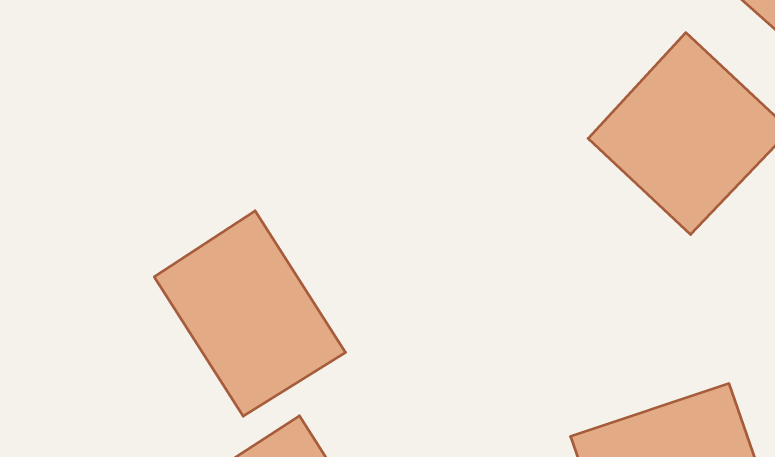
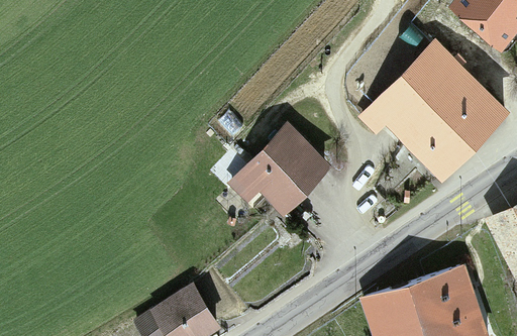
building: none -> [230,127,328,210]
building: [154,211,346,416] -> none

